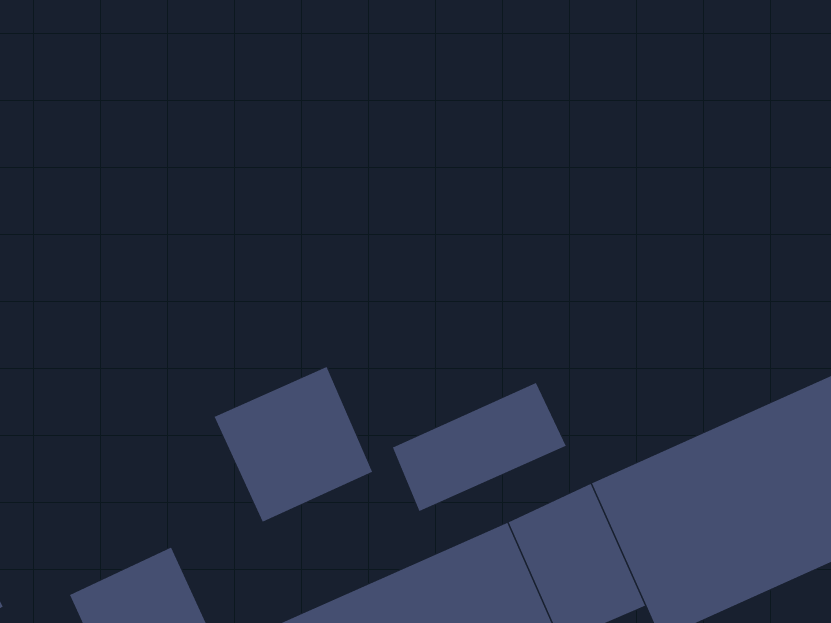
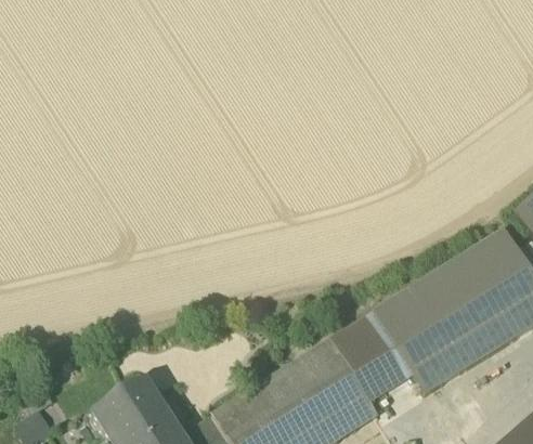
building: [214,366,373,522] -> none
building: [392,382,566,512] -> none

